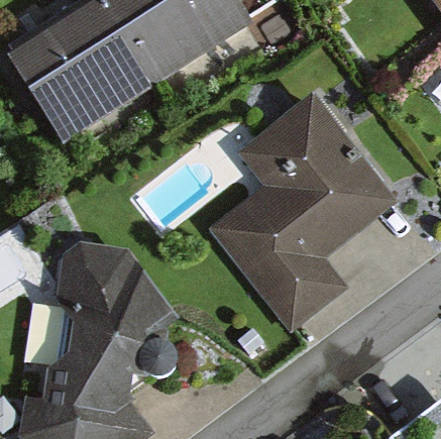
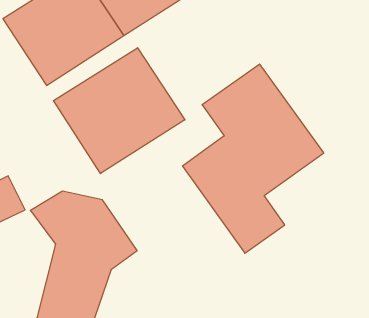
building: none -> [54,48,185,174]

